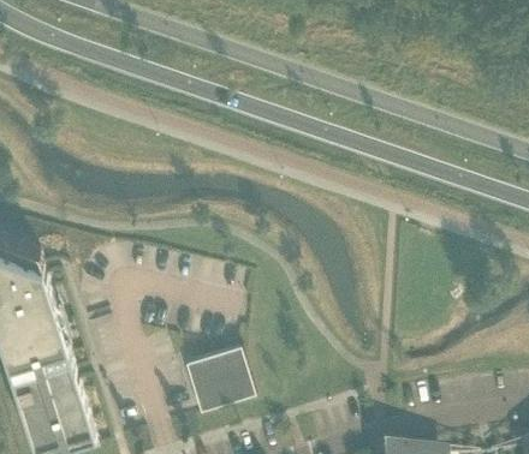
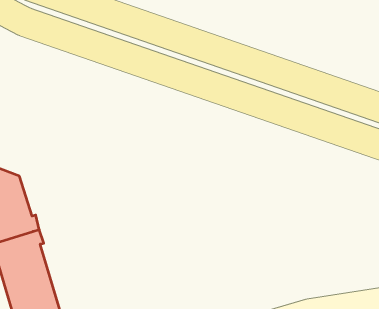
building: [184,346,254,410] -> none

